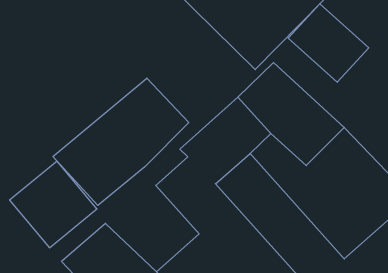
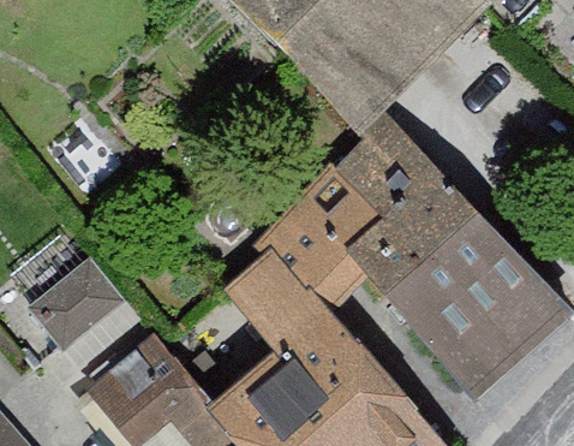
building: [288,4,369,82] -> none
building: [53,78,189,205] -> none

